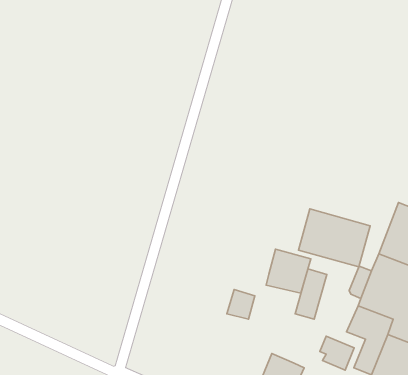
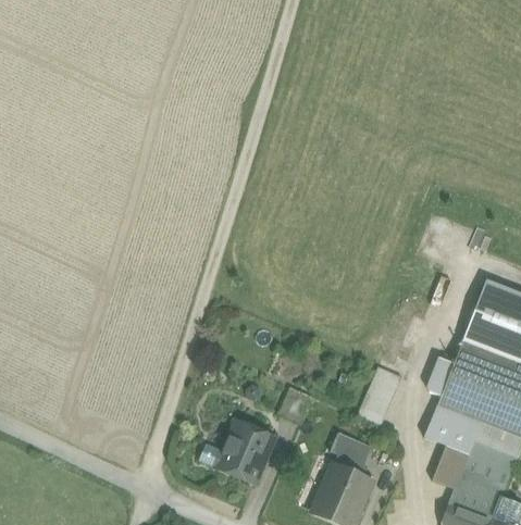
building: [299,209,370,267] -> none
building: [266,249,311,293] -> none
building: none -> [215,420,274,484]
building: [320,336,354,370] -> [330,433,371,474]

